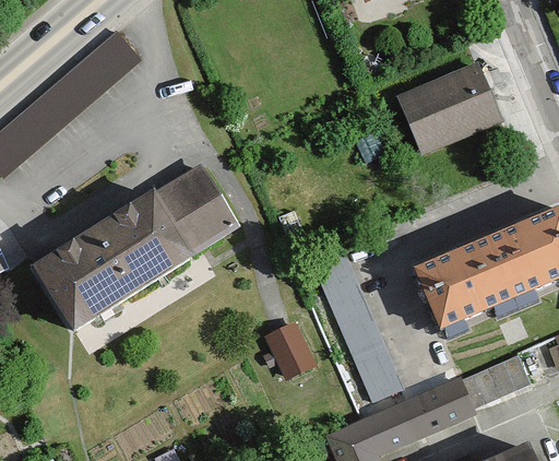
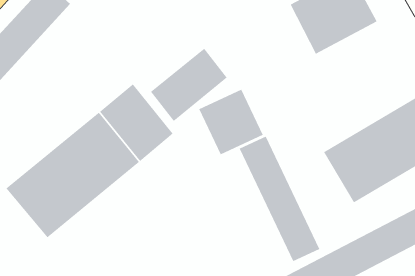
building: none -> [150,48,228,122]
building: none -> [198,89,264,155]
building: [262,314,314,373] -> none

